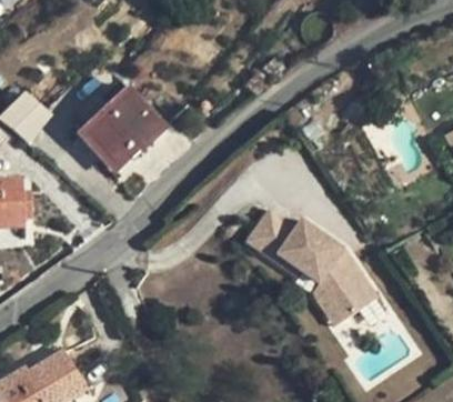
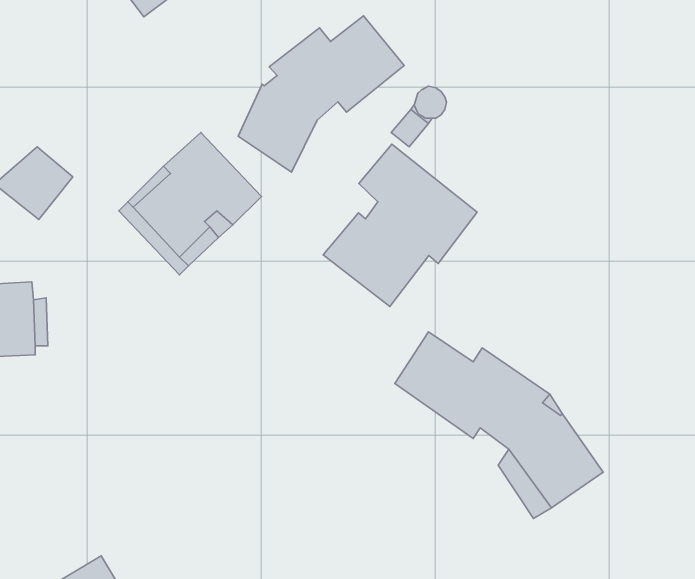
building: none -> [238,16,404,172]
building: none -> [323,144,477,307]

